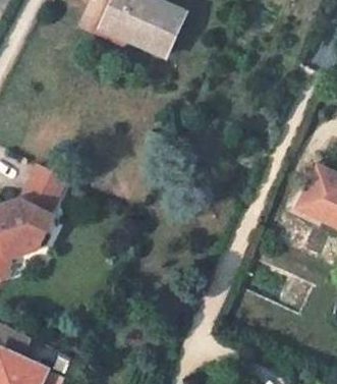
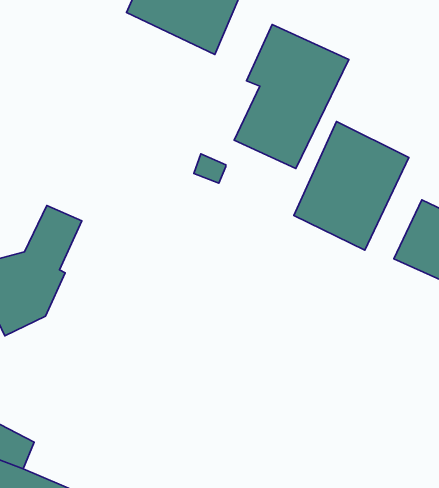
building: none -> [234,25,349,169]
building: none -> [294,121,409,250]

